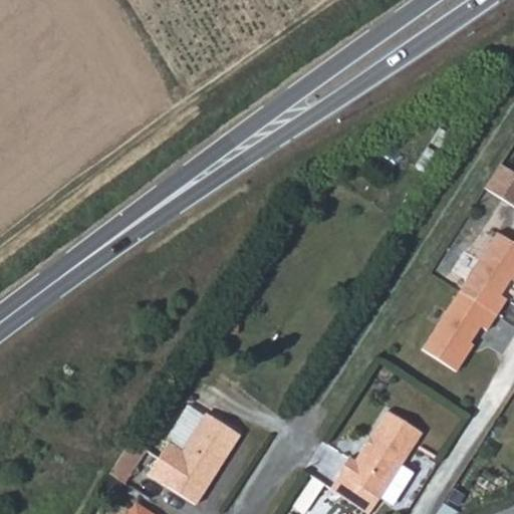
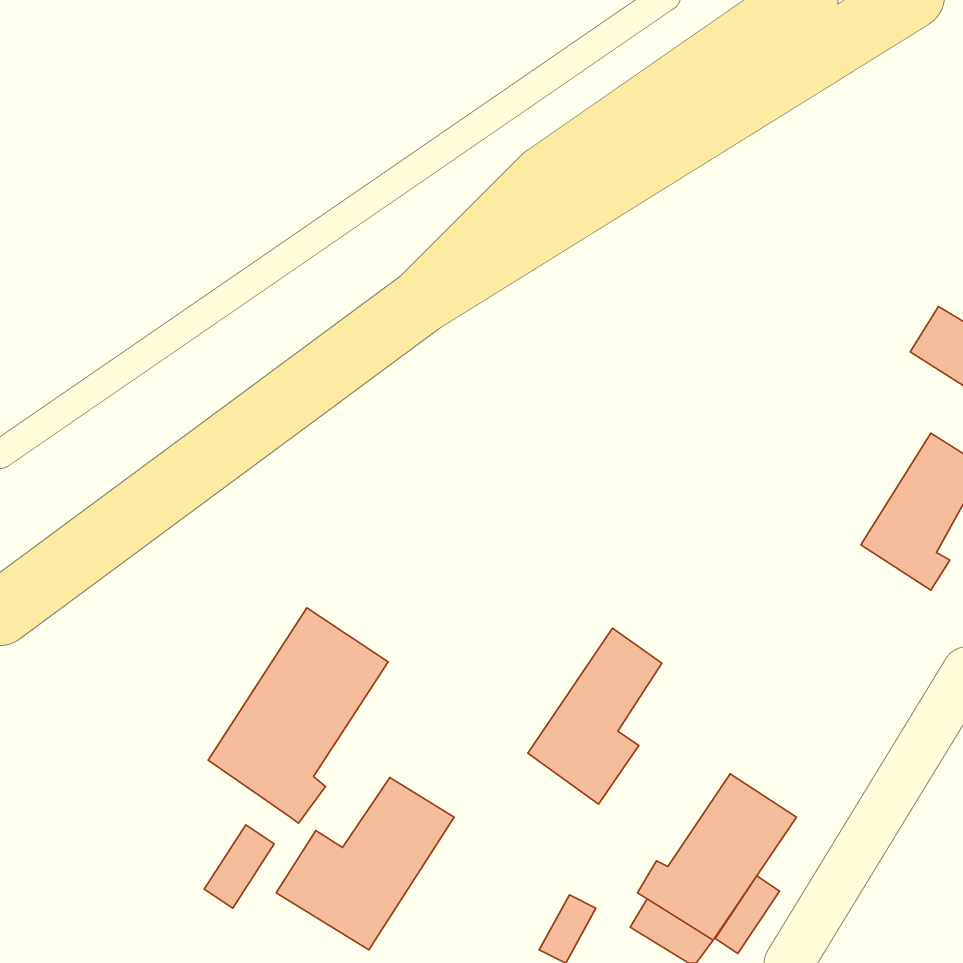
building: [422,289,496,370] -> none
building: none -> [208,608,388,823]
building: none -> [528,628,662,804]

